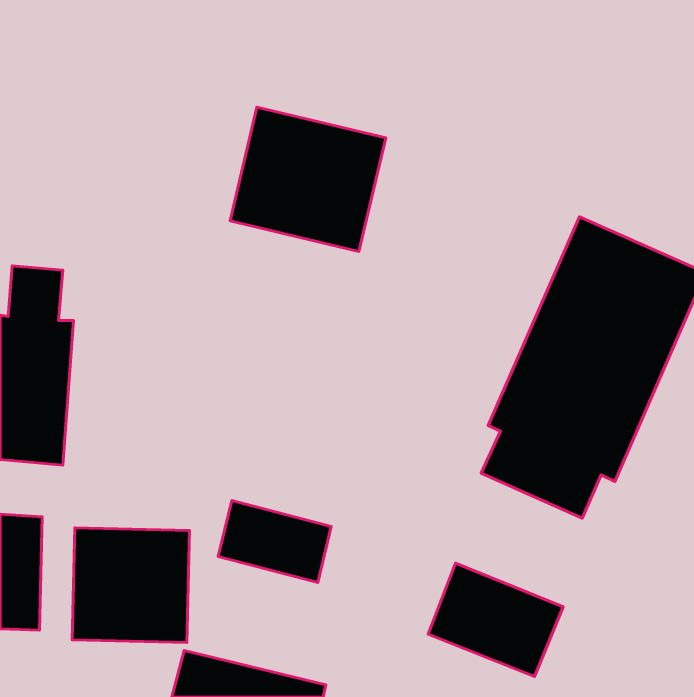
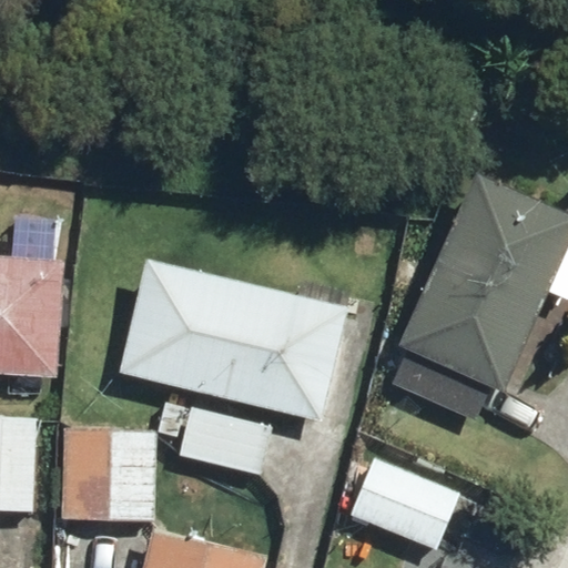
building: [230,107,386,251] -> none
building: none -> [119,260,346,422]

